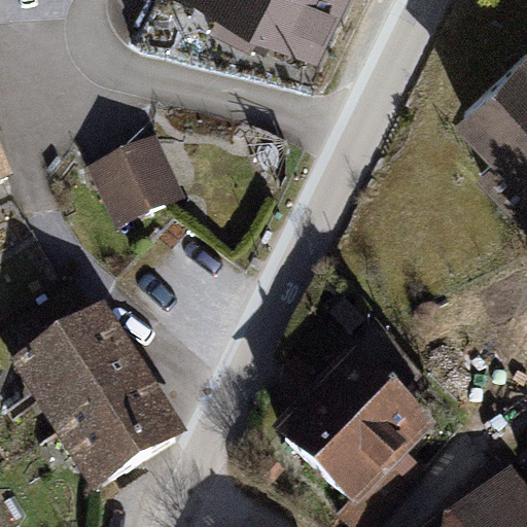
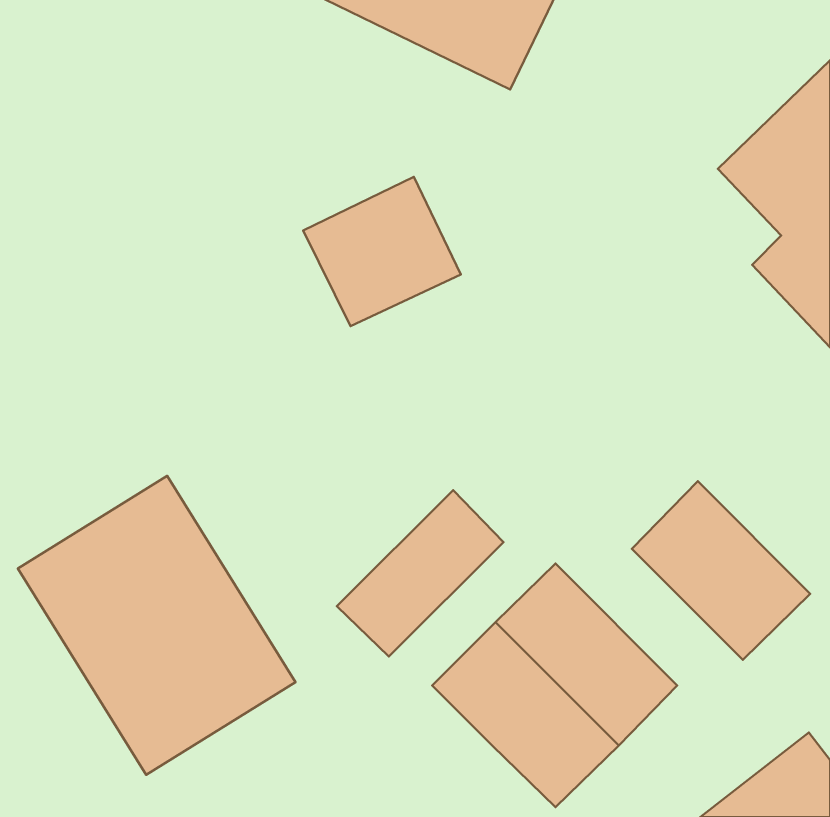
building: [86,131,186,225] -> [303,177,461,326]
building: none -> [632,481,810,660]
building: none -> [337,490,503,657]

